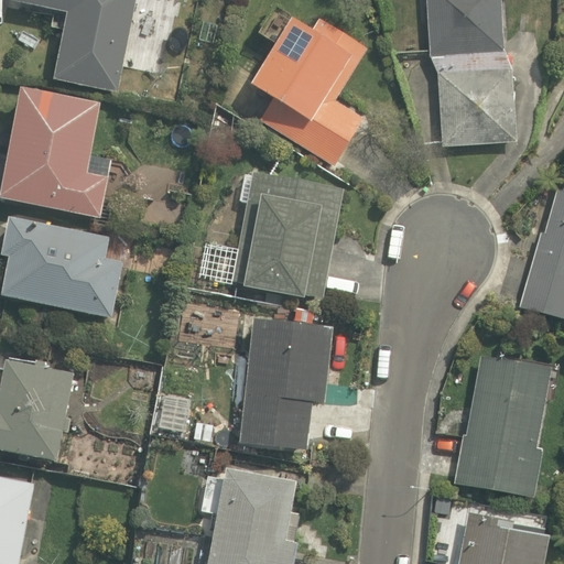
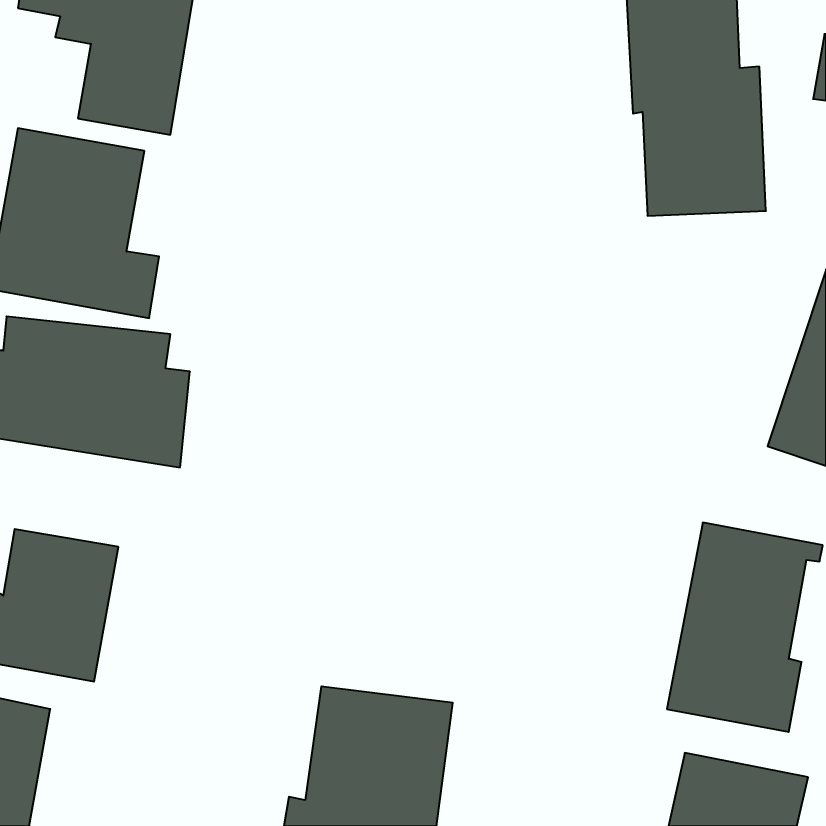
building: [249,12,369,165] -> none
building: [195,171,339,301] -> none
building: [230,315,335,454] -> none

